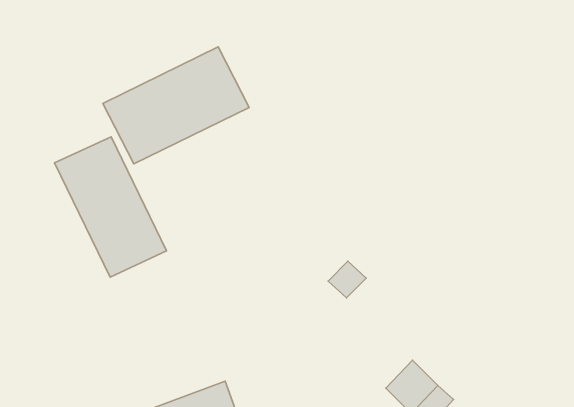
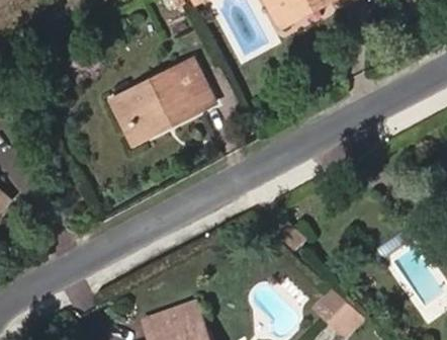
building: [55,137,167,277] -> none

